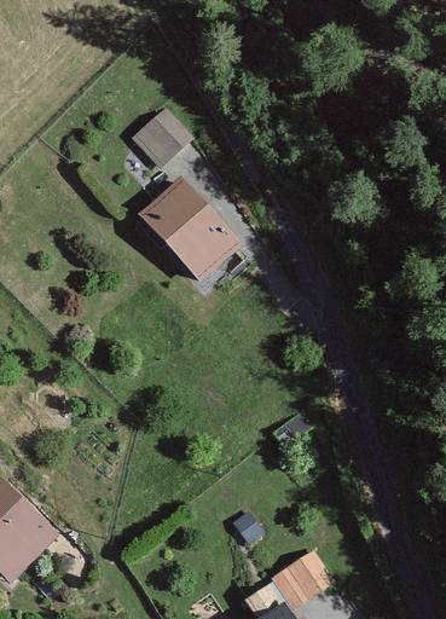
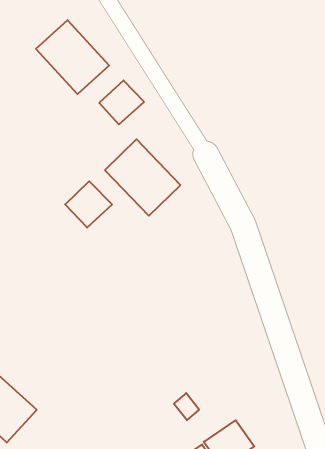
building: none -> [36,20,109,94]
building: none -> [65,181,112,228]

